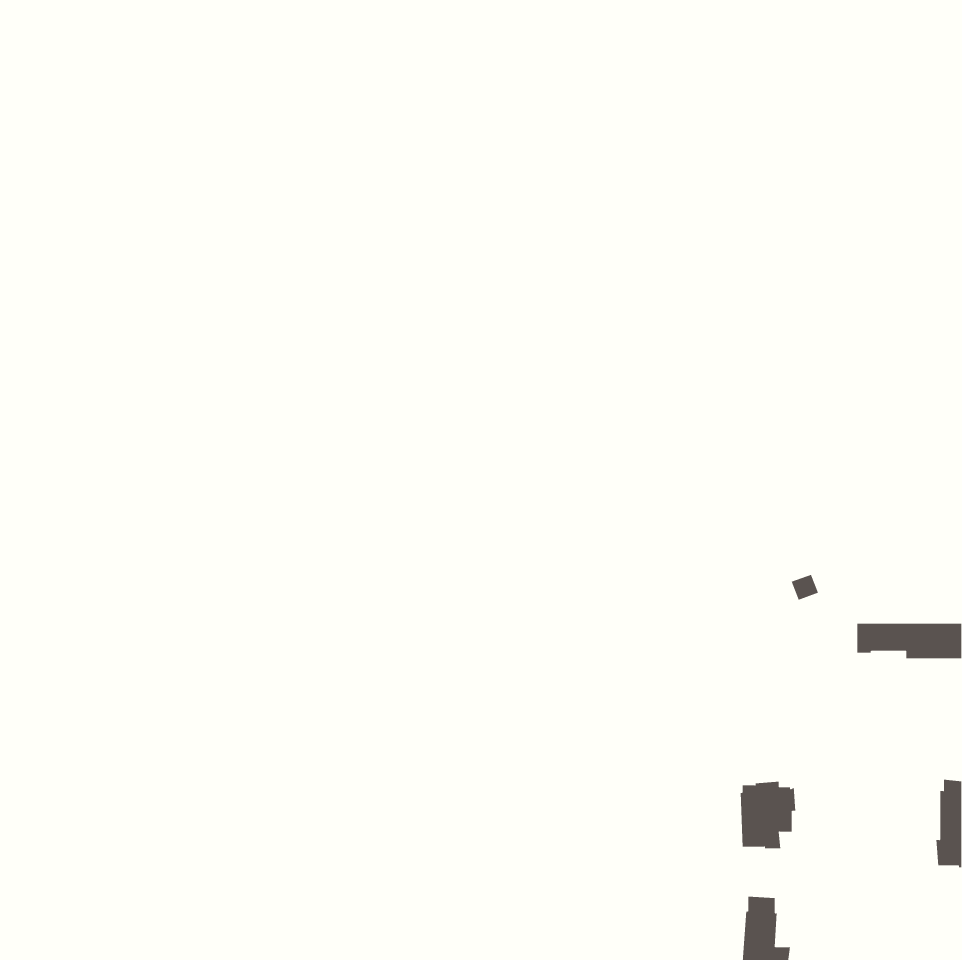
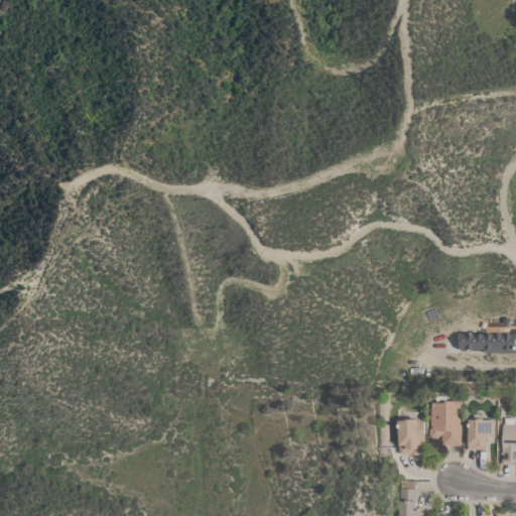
building: none -> [429,396,462,446]
building: none -> [468,418,495,449]

